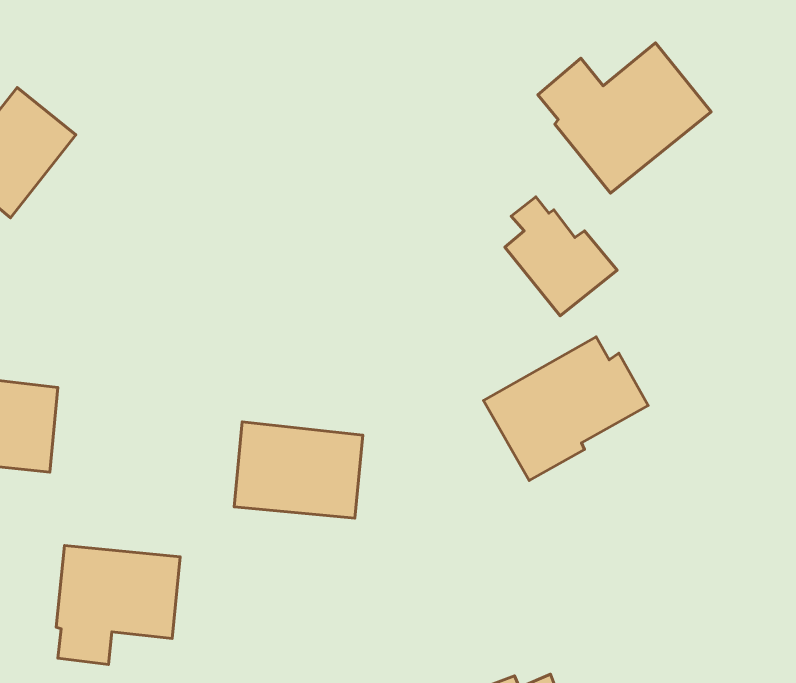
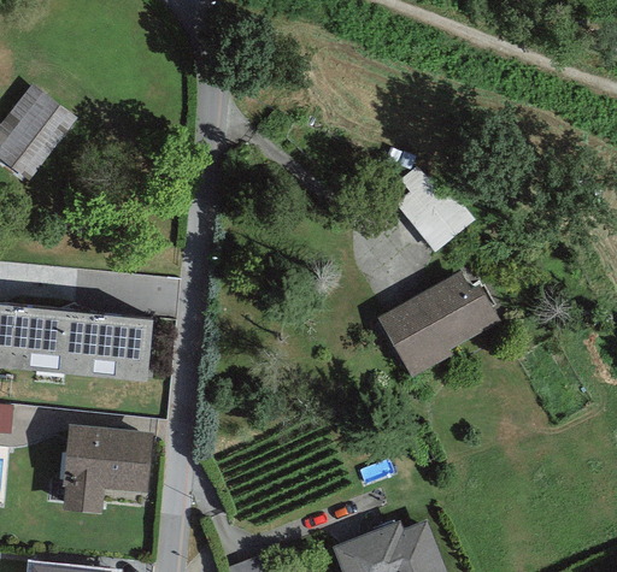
building: [538,43,711,193] -> none
building: [234,422,363,518] -> [57,307,152,378]

